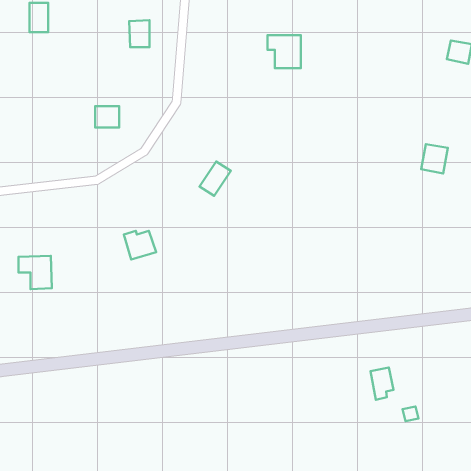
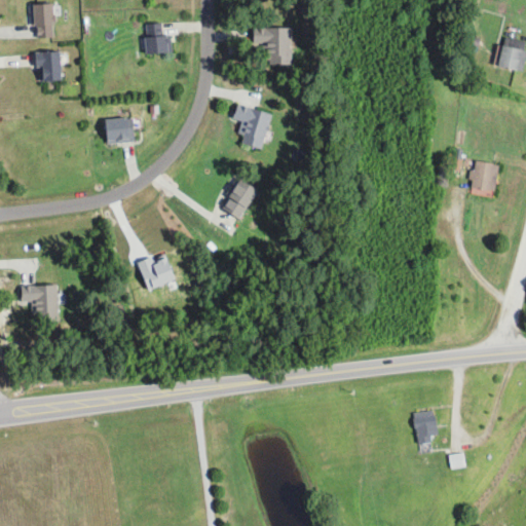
building: [267,35,301,68] -> [255,28,292,65]
building: none -> [37,52,61,80]
building: none -> [233,105,271,150]

